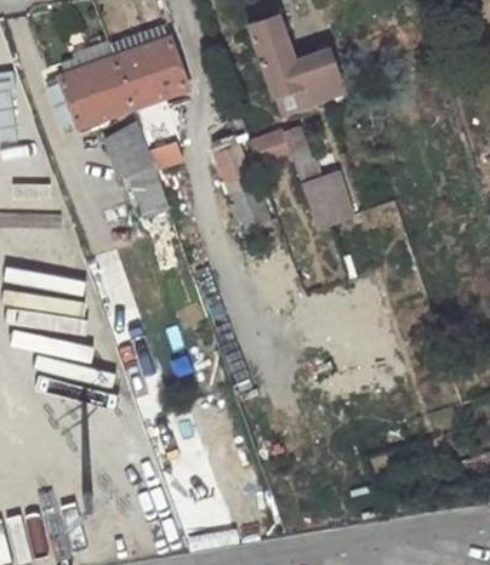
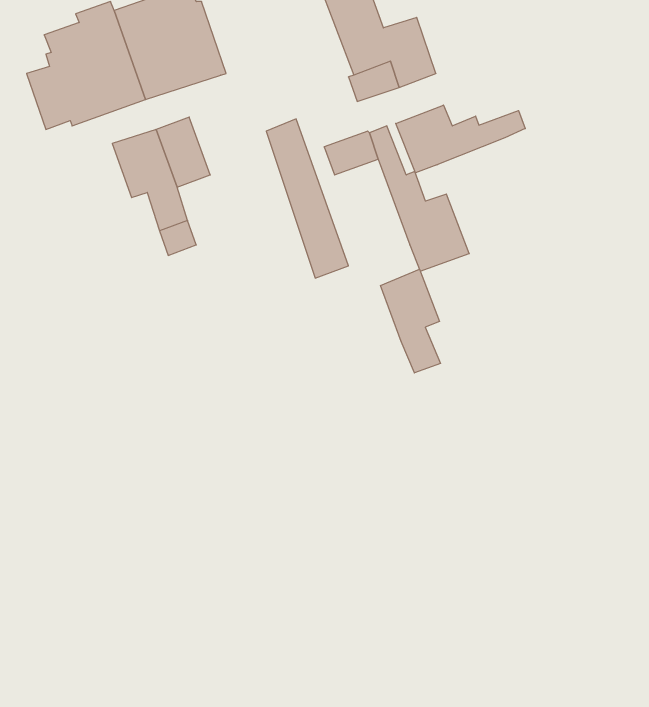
building: none -> [396,105,525,173]
building: none -> [380,269,440,373]

